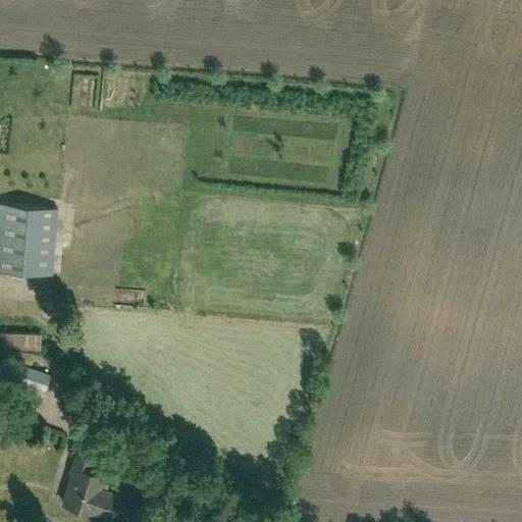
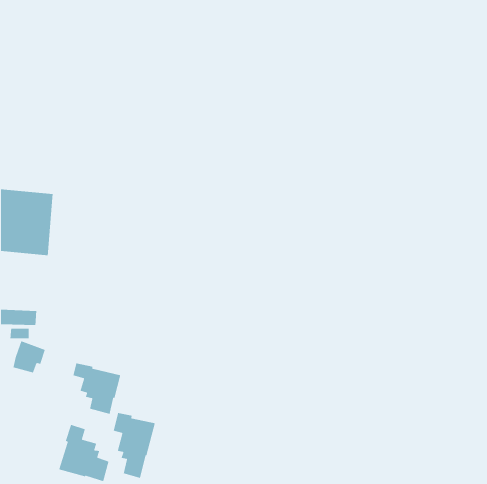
building: none -> [73,362,121,415]
building: none -> [113,412,156,479]

